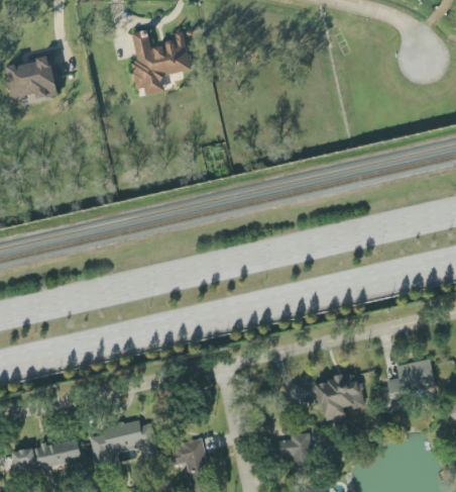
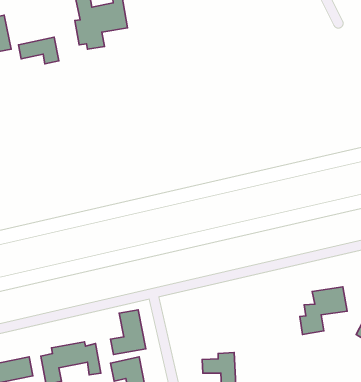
building: none -> [18,37,59,64]
building: [319,375,364,423] -> none
building: none -> [111,310,146,355]

